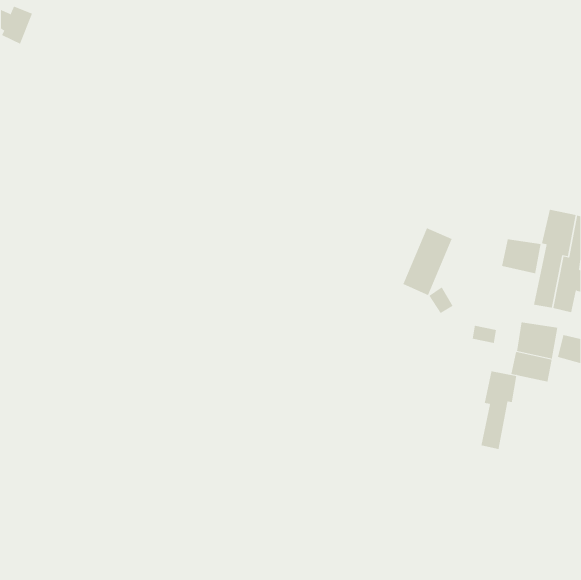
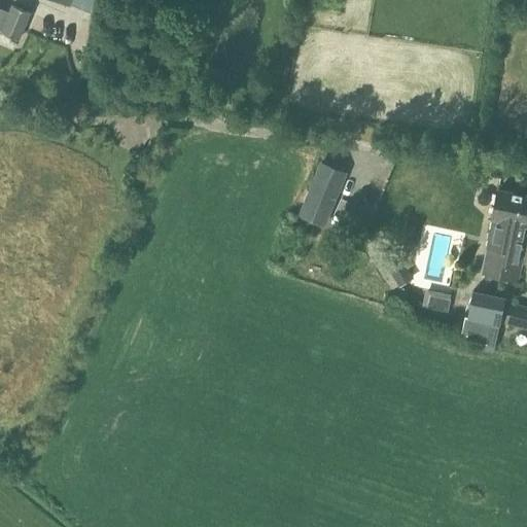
building: [402,227,453,296] -> [300,163,345,224]
building: [502,238,541,274] -> none
building: [481,370,517,450] -> none

